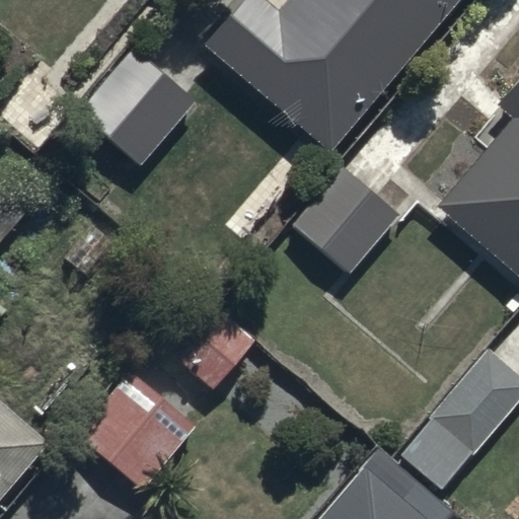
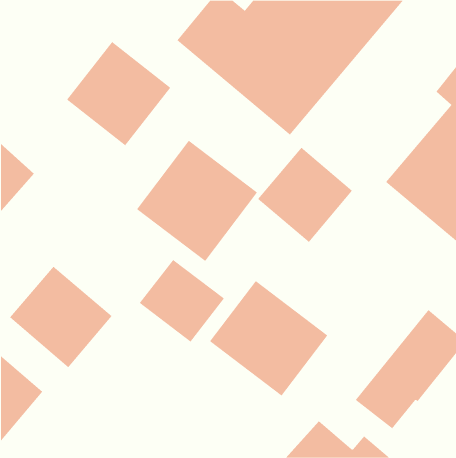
building: none -> [136,140,258,262]
building: none -> [209,280,328,396]
building: [76,373,193,489] -> [9,266,112,368]

